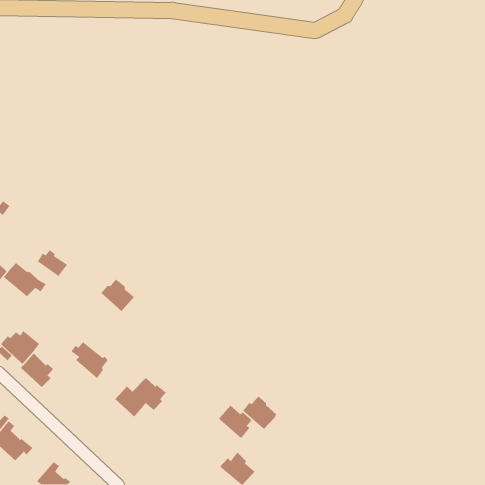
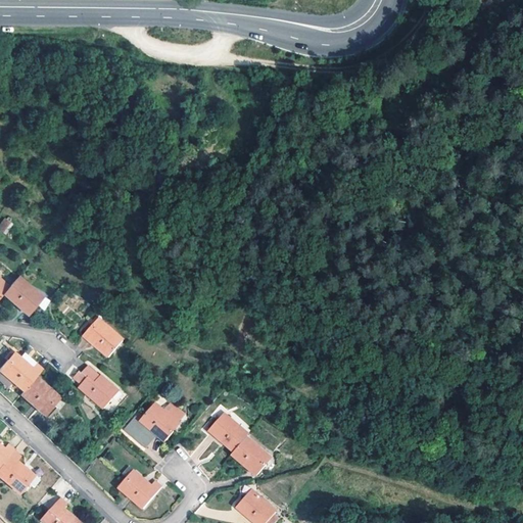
building: [37,249,68,277] -> none
building: [101,279,135,312] -> [85,321,122,356]
building: [242,396,277,430] -> [211,411,249,447]
building: none -> [118,465,161,508]

